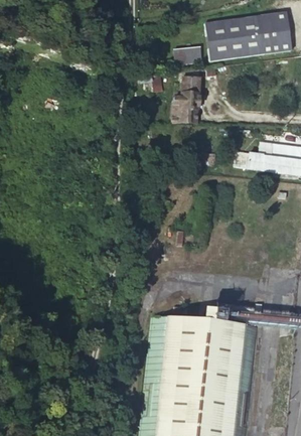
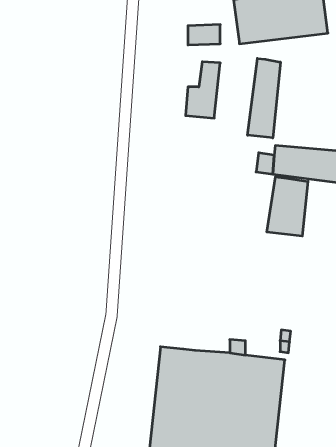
building: none -> [248,58,280,138]
building: none -> [267,177,308,236]

